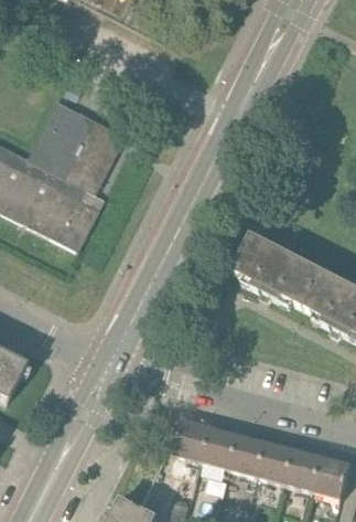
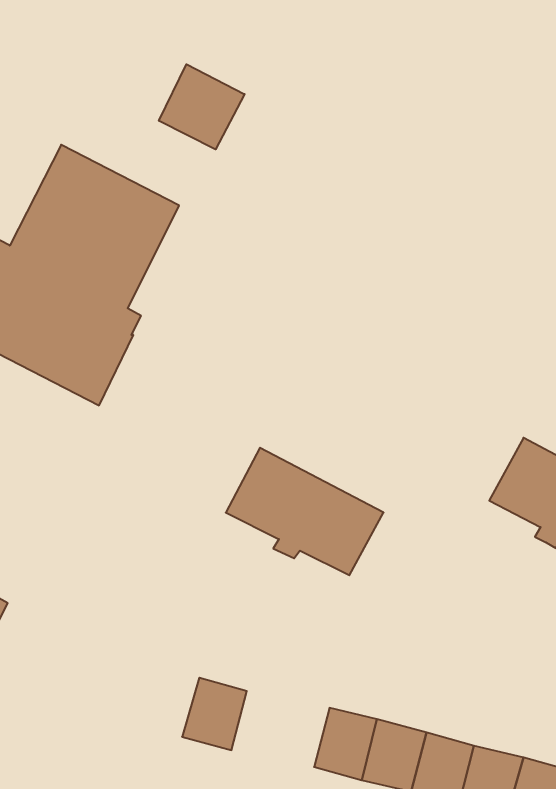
building: none -> [159,64,245,149]
building: [231,232,323,306] -> [226,448,384,575]
building: [173,418,211,460] -> [182,678,247,750]

